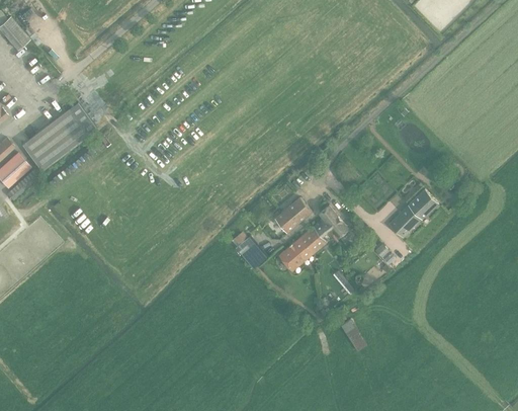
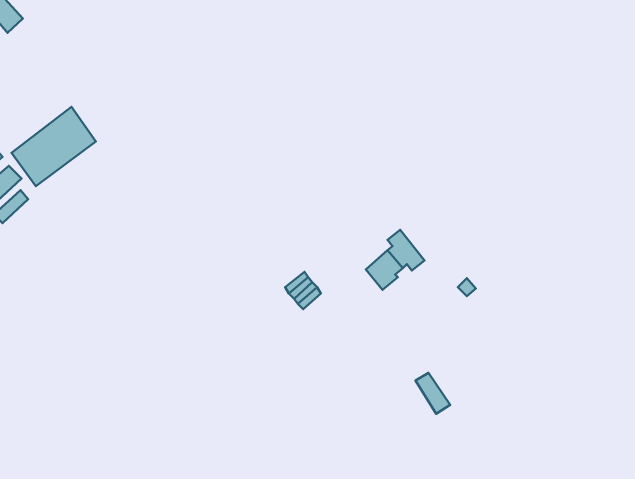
building: [387,189,436,238] -> none
building: [273,197,311,232] -> none
building: [277,236,314,271] -> none

